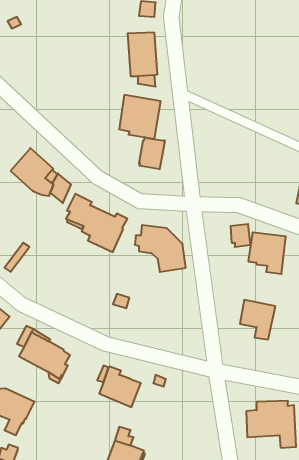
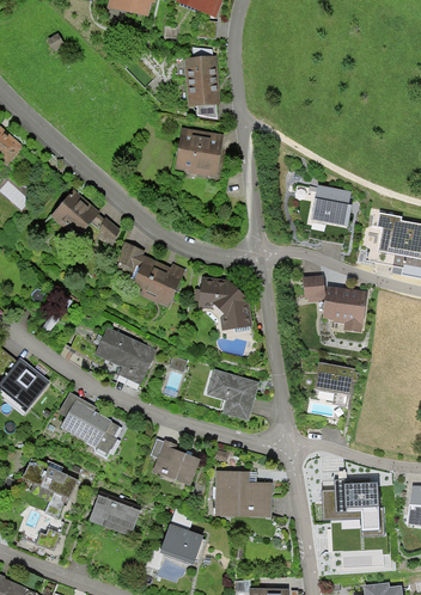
building: [139,137,165,169] -> none
building: none -> [311,184,353,227]
building: none -> [93,325,158,385]
building: none -> [206,368,258,419]
building: none -> [213,470,271,516]
building: none -> [89,495,139,535]

